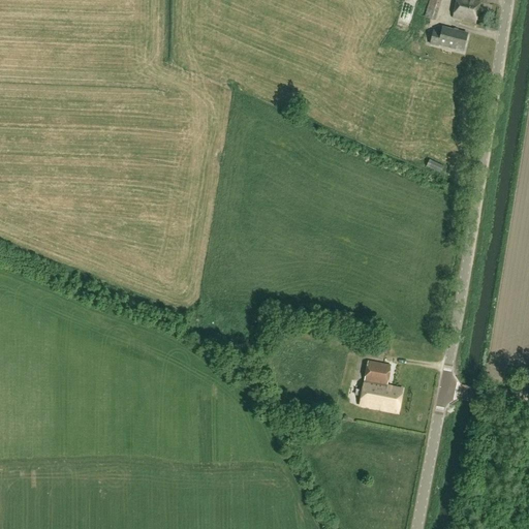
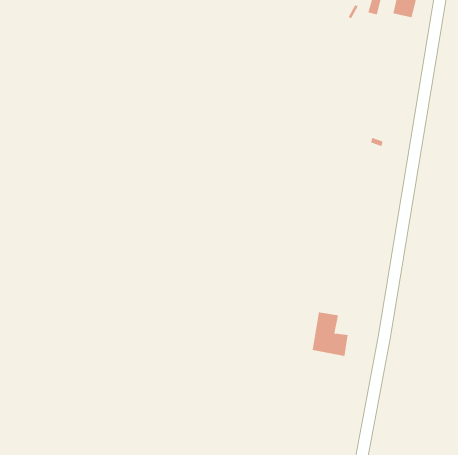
building: [430,25,467,49] -> none

